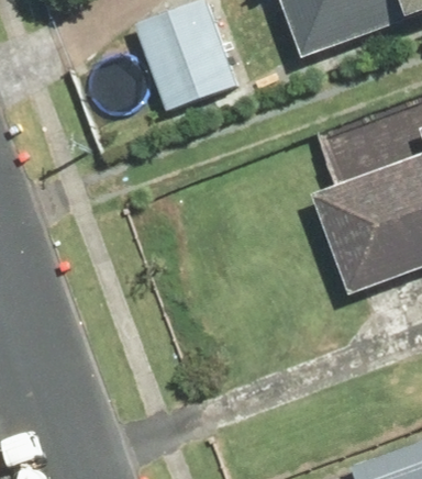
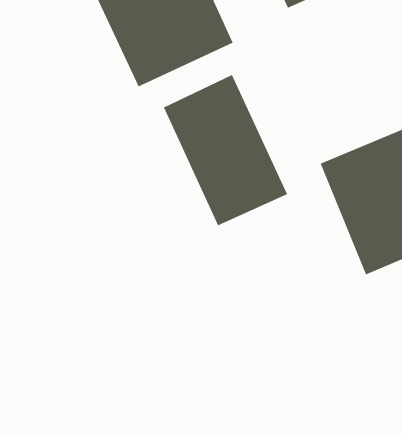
building: none -> [163,74,288,226]

